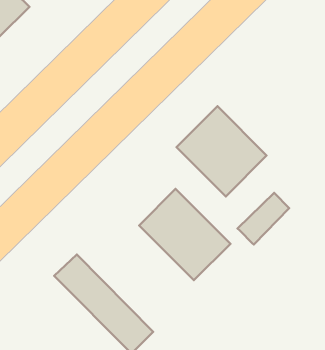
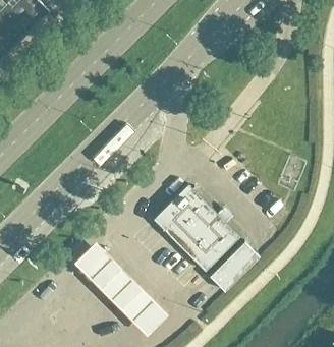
building: [177,106,267,196] -> none
building: [238,193,289,245] -> [209,241,258,290]

